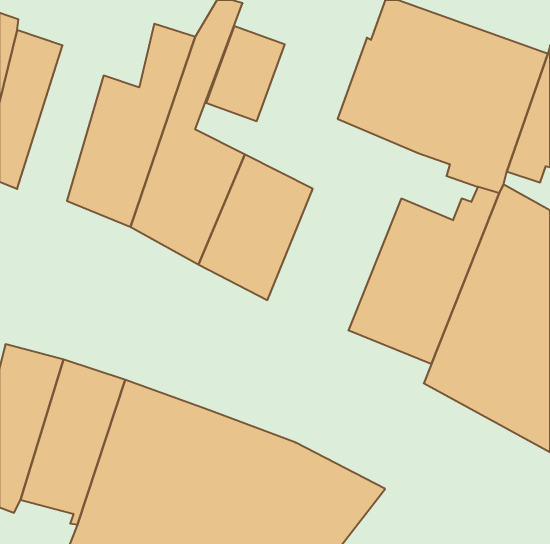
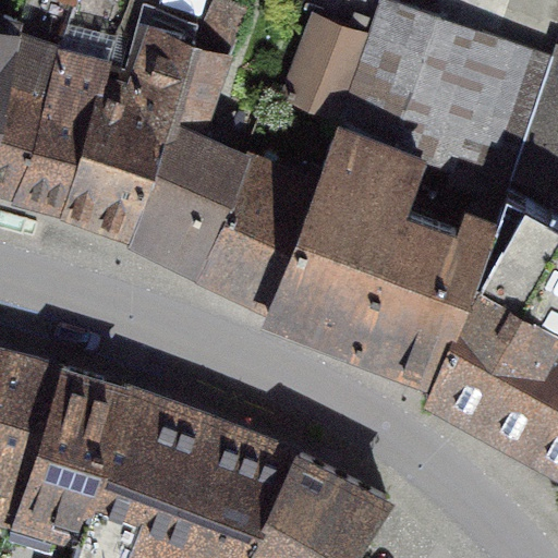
building: none -> [17,28,119,210]
building: [206,26,285,121] -> [287,22,366,118]
building: none -> [270,128,423,341]

